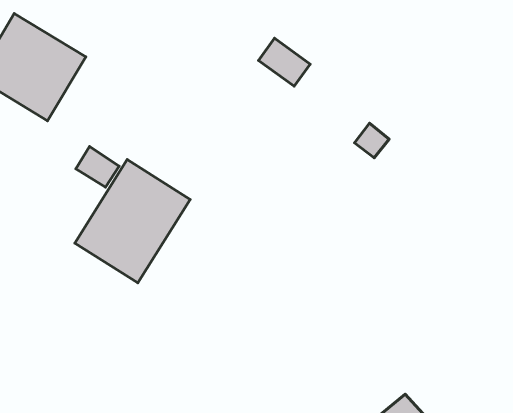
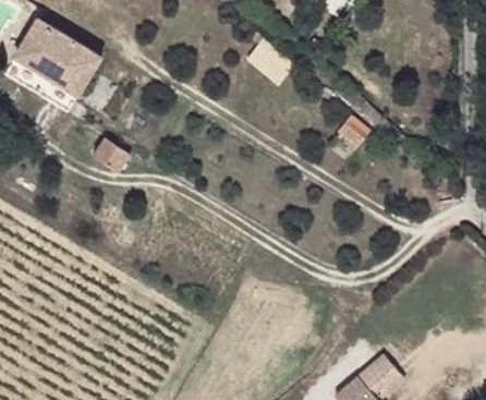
building: [75,160,190,283] -> none

